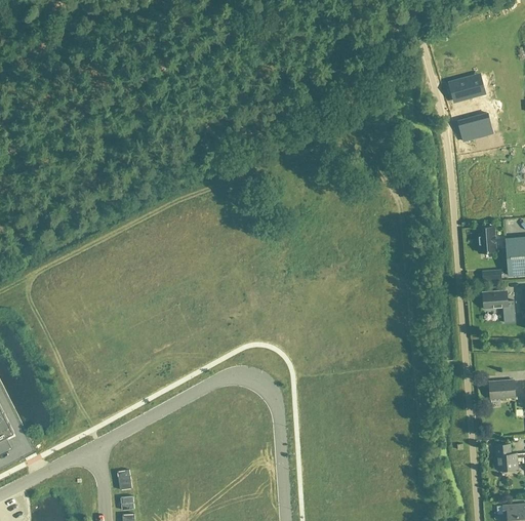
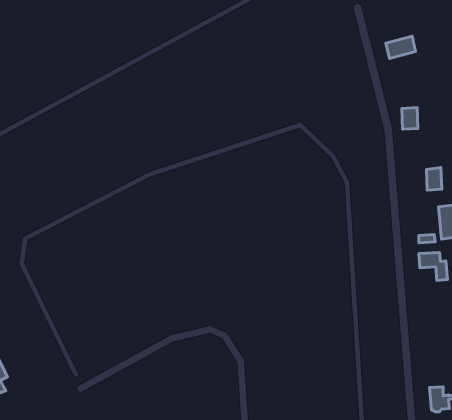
building: [449,75,483,101] -> [386,36,416,59]
building: [479,226,496,251] -> [426,168,442,190]
building: [490,379,516,398] -> none

